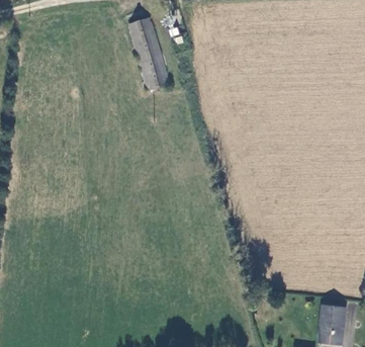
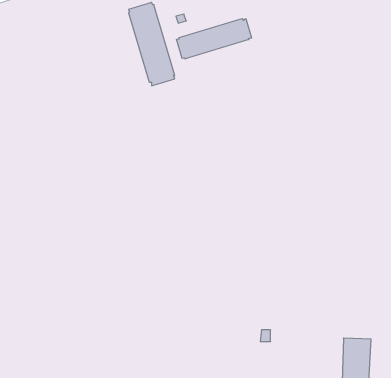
building: none -> [177,19,252,59]

